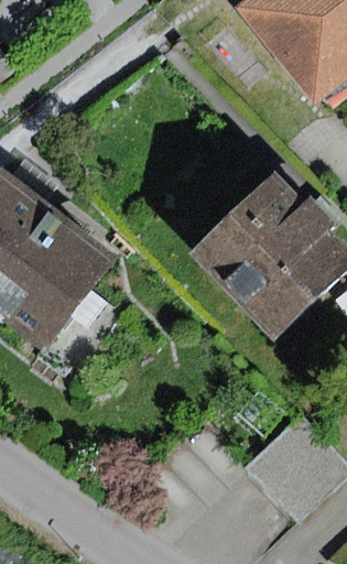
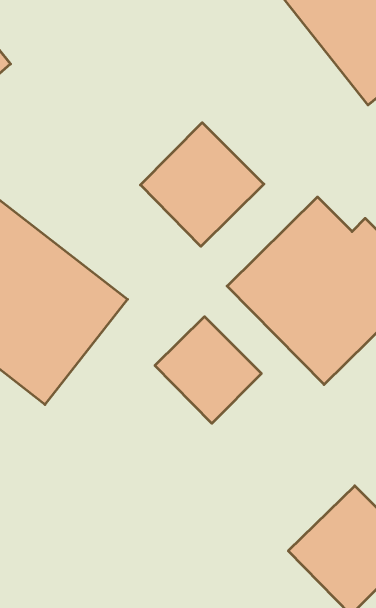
building: none -> [140,123,264,246]
building: none -> [155,317,261,423]

